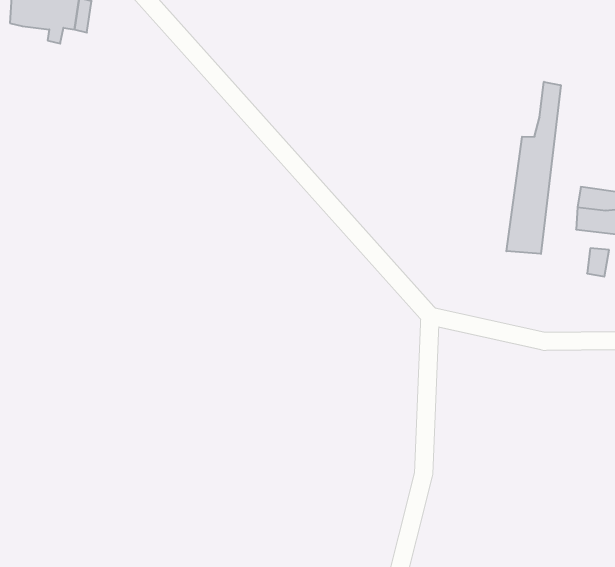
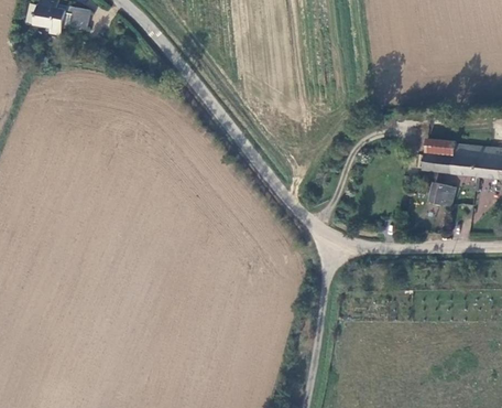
building: [506,82,561,254] -> none

